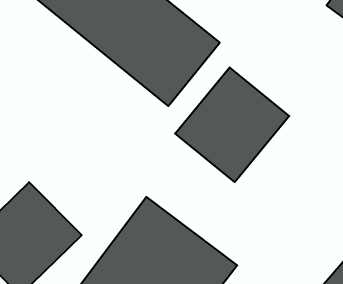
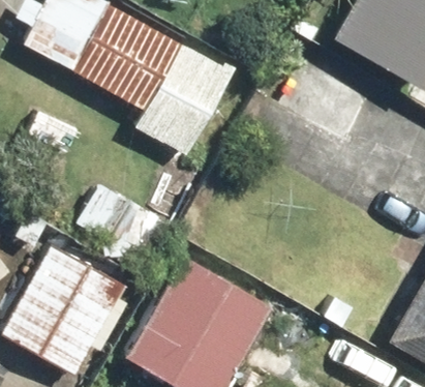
building: [175,67,289,182] -> none

